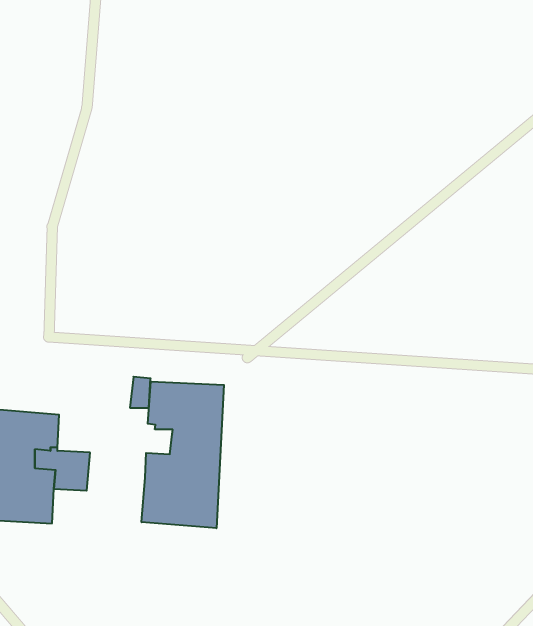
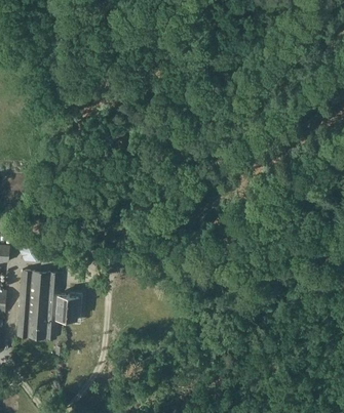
building: [142,381,224,528] -> none

